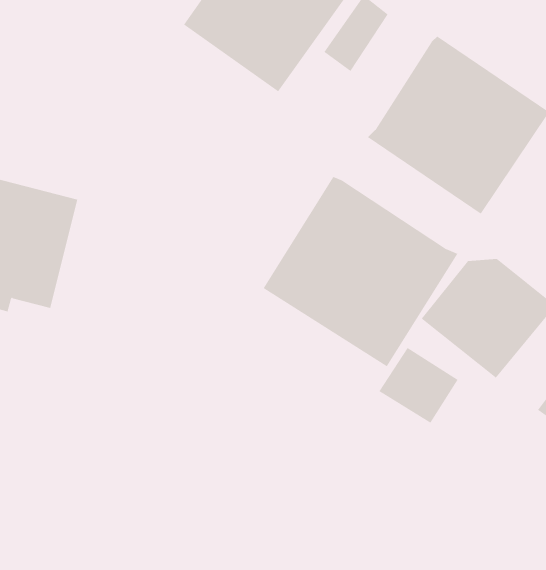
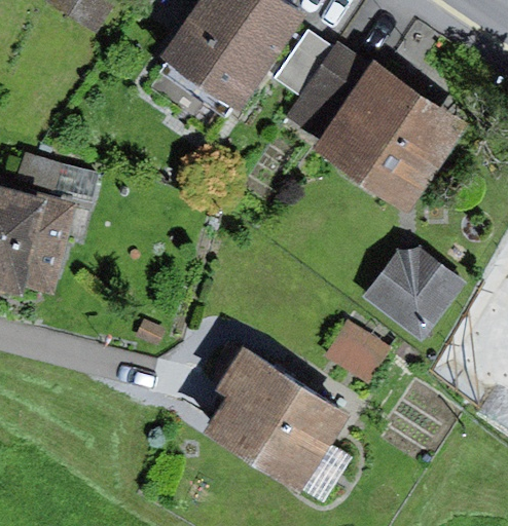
building: none -> [285,45,366,140]
building: [263,176,458,367] -> none
building: none -> [204,349,350,495]

